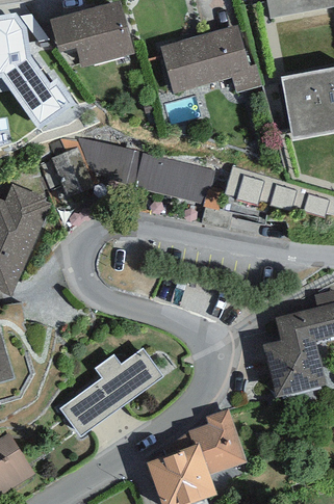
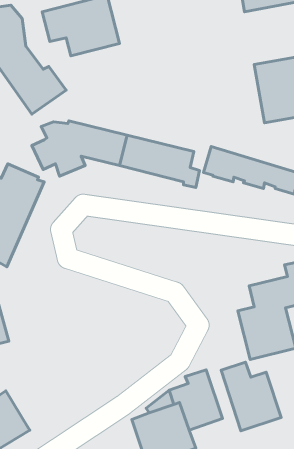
building: [159,24,261,94] -> none
building: [59,348,163,436] -> none
building: none -> [221,362,281,431]

